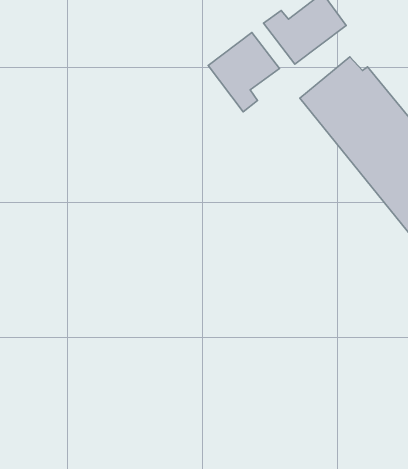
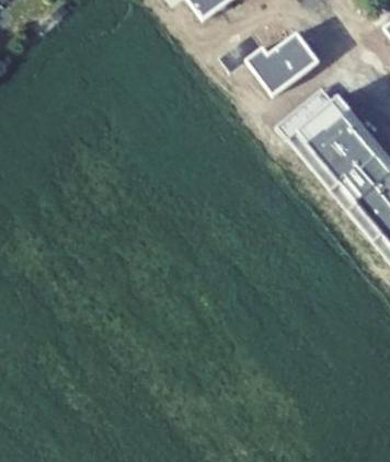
building: [208,33,280,112] -> none

